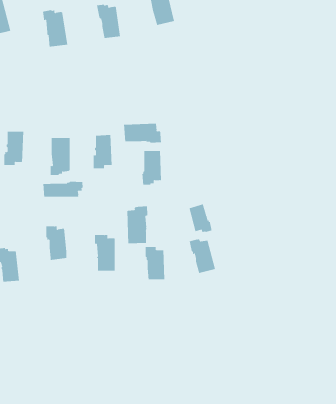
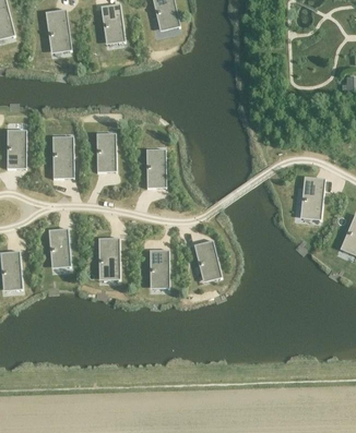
building: [124,123,162,144] -> none
building: none -> [301,177,324,217]
building: [43,181,83,198] -> none
building: [189,204,212,233] -> none
building: [127,206,148,244] -> none

